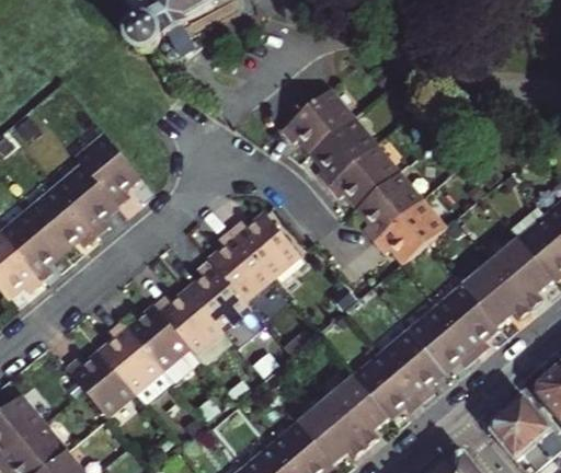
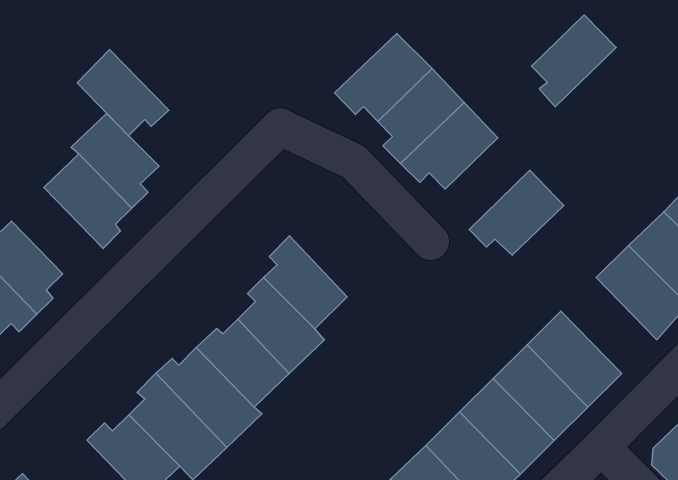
building: [354,173,419,240] -> [531,15,616,107]
building: [27,182,94,247] -> [77,49,169,136]
building: [234,219,299,282] -> none
building: [433,284,503,357] -> none

